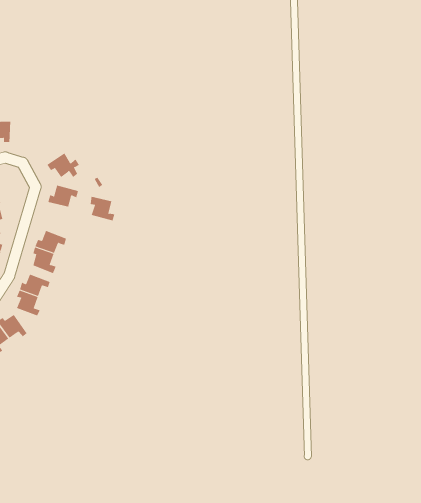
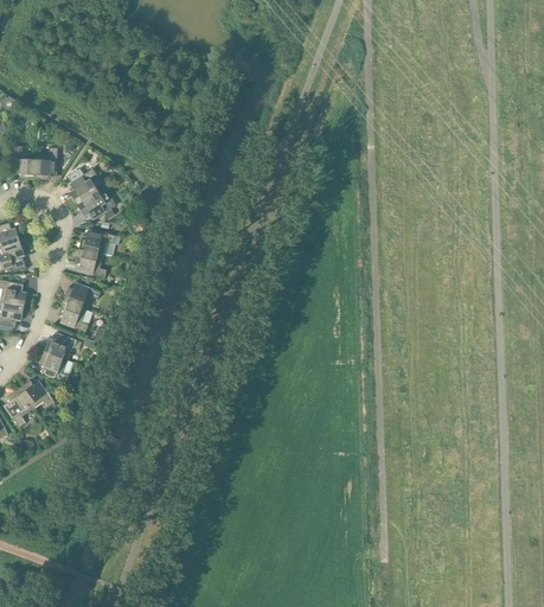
building: none -> [33,148,57,180]
building: none -> [69,168,97,205]
building: [90,196,115,221] -> [76,249,105,279]

